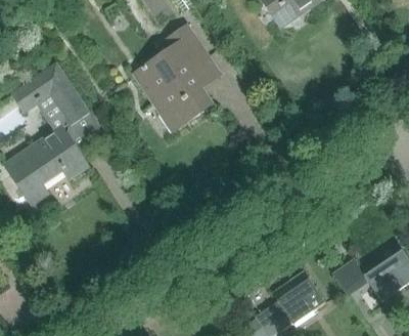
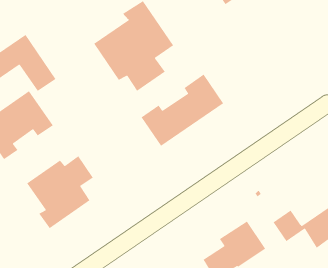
building: none -> [140,74,224,147]
building: none -> [26,155,94,229]

